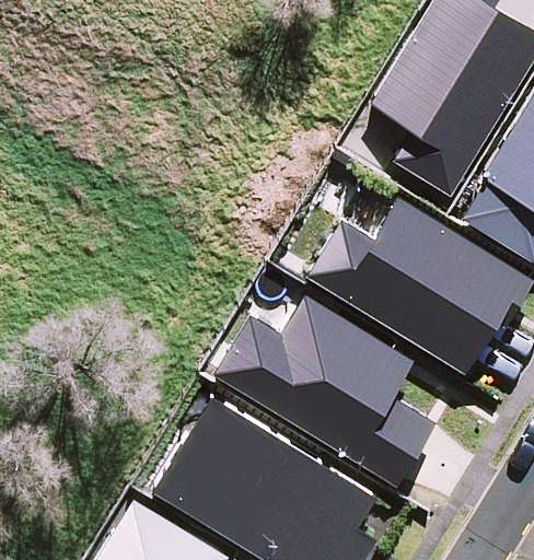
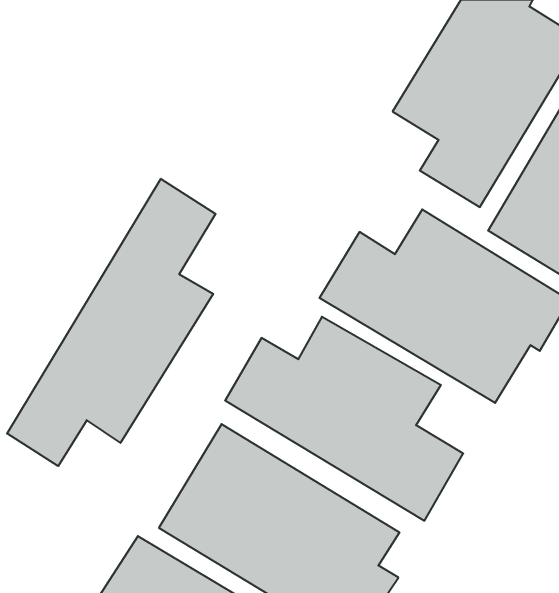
building: none -> [7,179,216,466]

